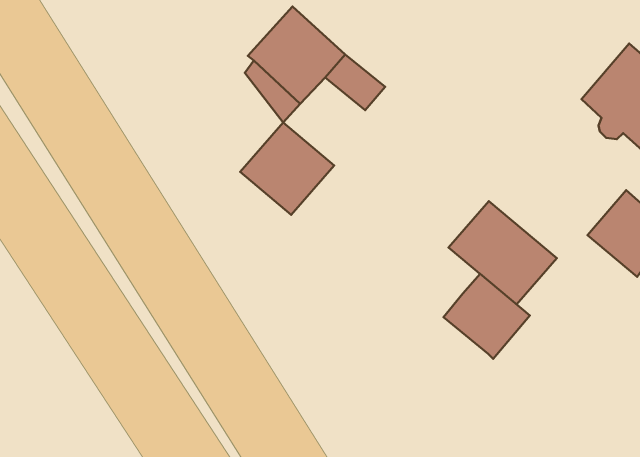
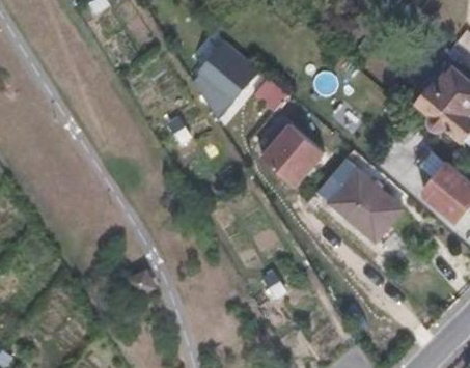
building: [240,122,334,215] -> [260,123,324,186]
building: [443,274,530,359] -> none

